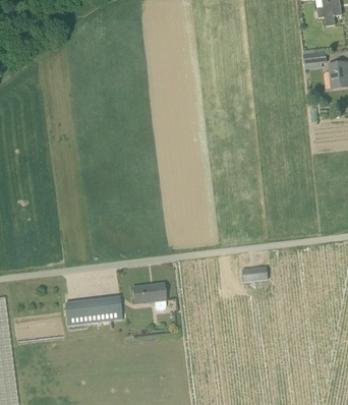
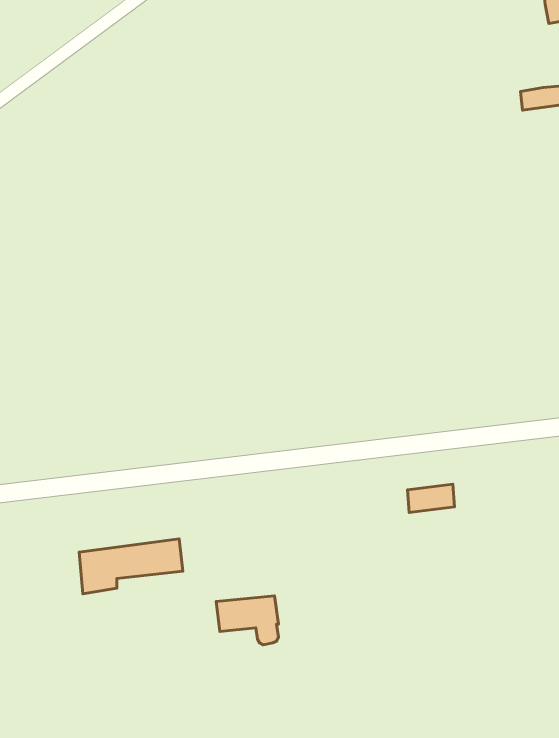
building: [132,282,166,308] -> [216,596,278,645]

